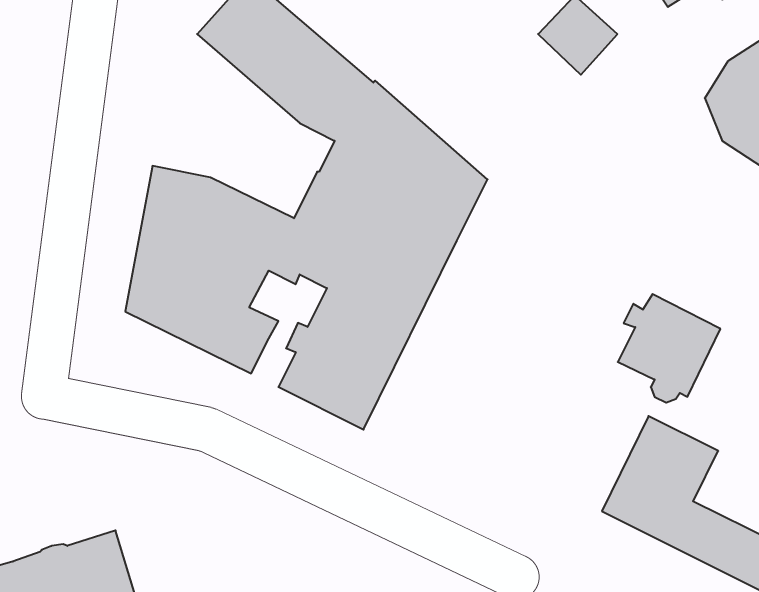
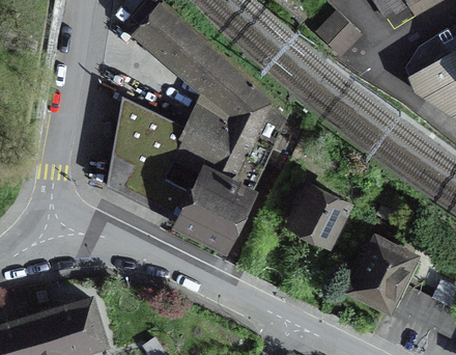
building: [618,294,720,403] -> [291,186,346,244]

